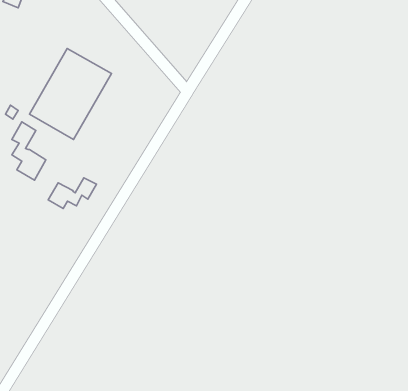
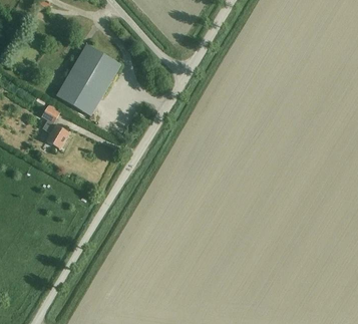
building: [48,178,96,209] -> none

